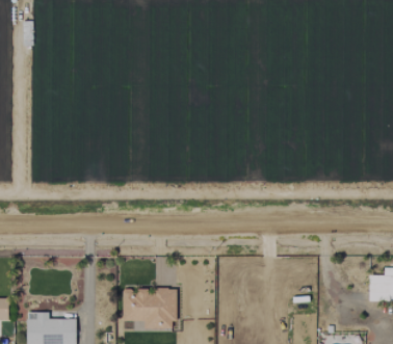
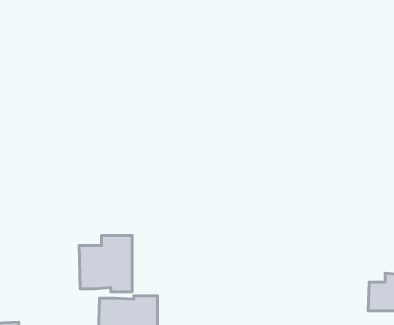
building: none -> [79,235,132,292]

